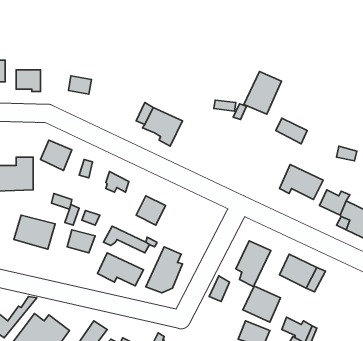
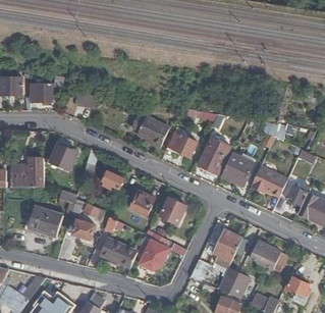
building: [244,72,281,114] -> [197,139,228,174]
building: none -> [166,132,196,157]
building: none -> [221,153,253,186]
building: none -> [160,197,186,223]
building: none -> [284,276,312,304]

